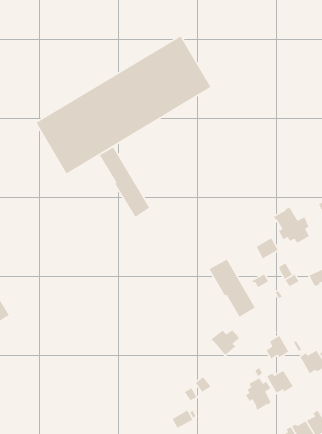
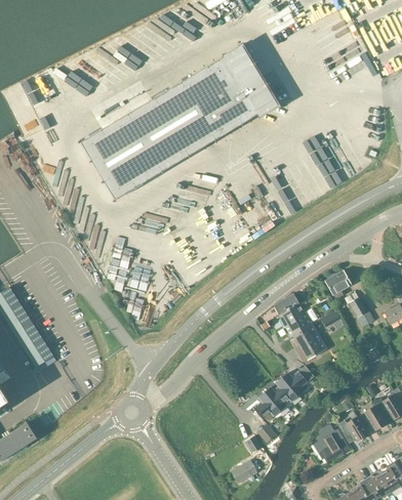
building: [99,146,150,218] -> none
building: [273,206,310,244] -> none
building: [262,332,289,362] -> [356,403,386,435]
building: none -> [254,386,289,418]

